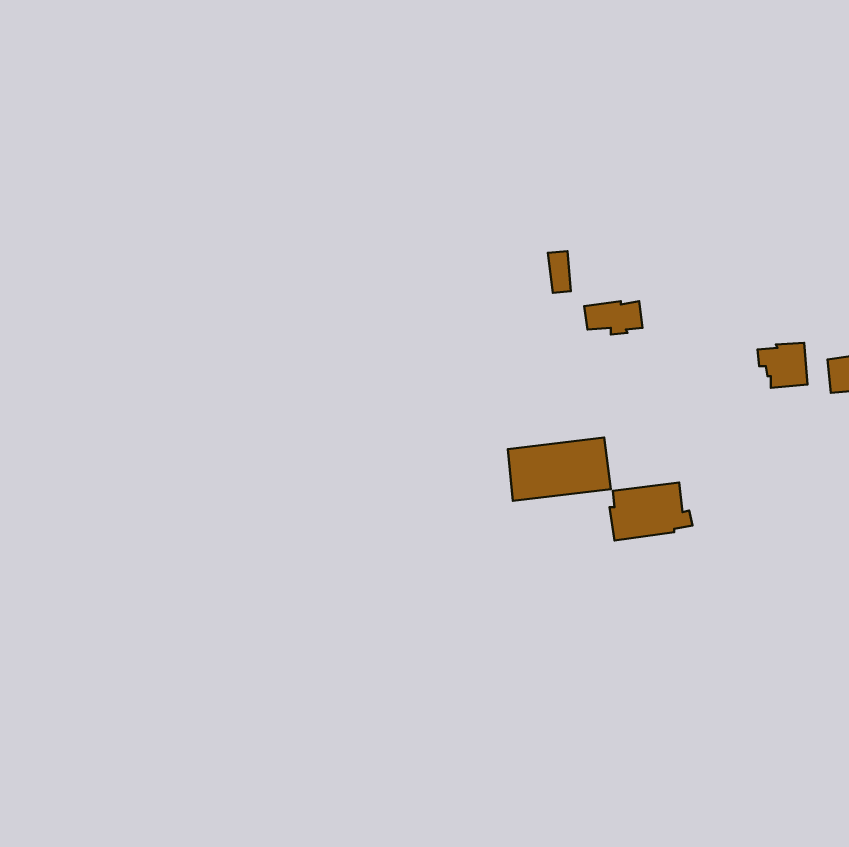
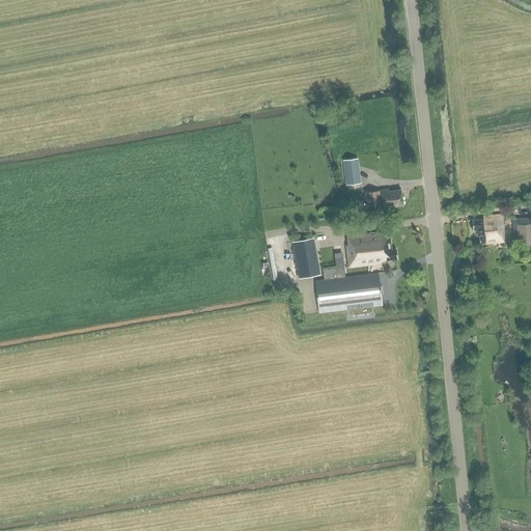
building: none -> [292,239,318,277]
building: [609,482,693,541] -> [346,230,398,267]

